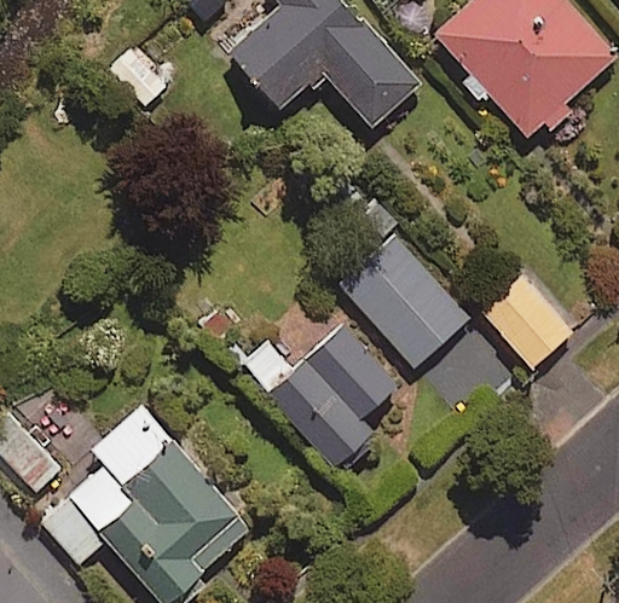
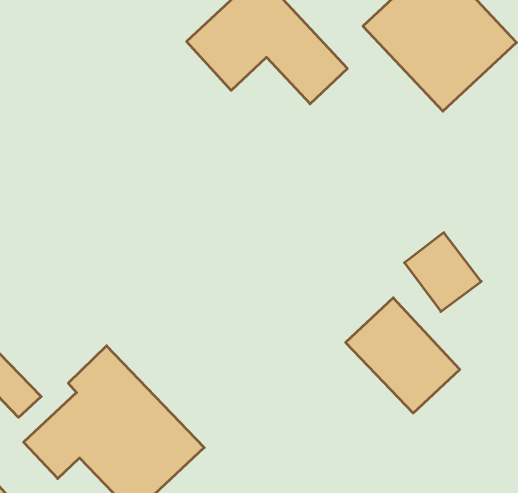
building: [337,232,470,366] -> [346,298,460,413]
building: [242,326,400,466] -> none

